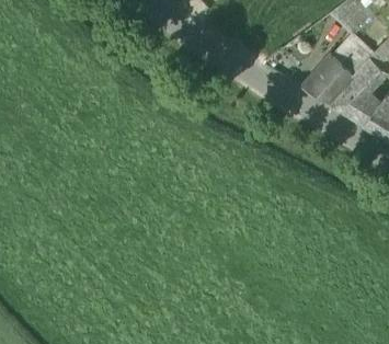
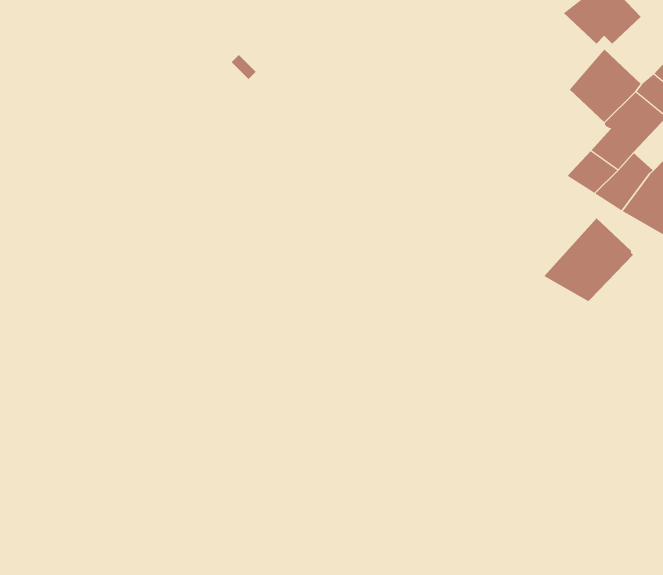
building: [302,58,353,105] -> [543,217,634,302]

